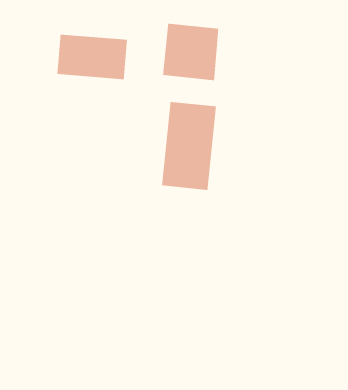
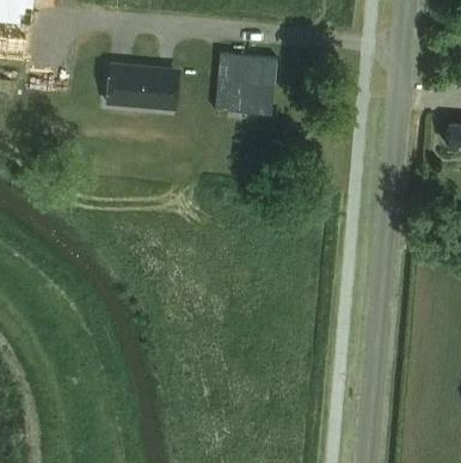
building: [161,101,217,191] -> none

